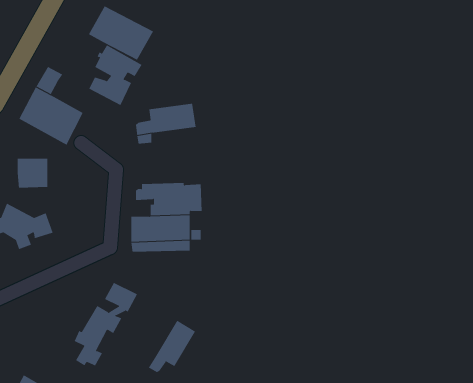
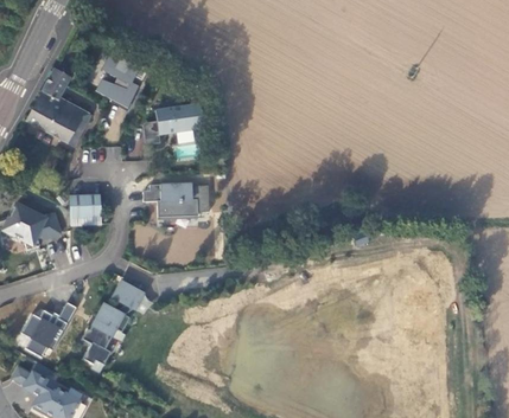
building: [88,5,154,61] -> none
building: [17,158,48,188] -> [70,194,101,224]
building: none -> [24,300,76,354]
building: [148,320,196,373] -> none

